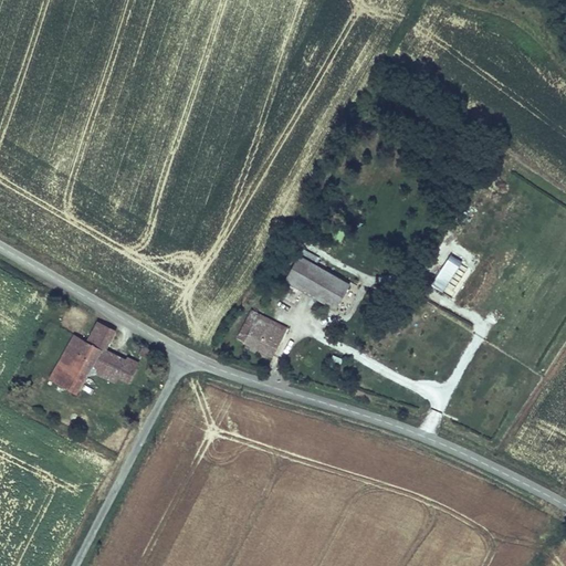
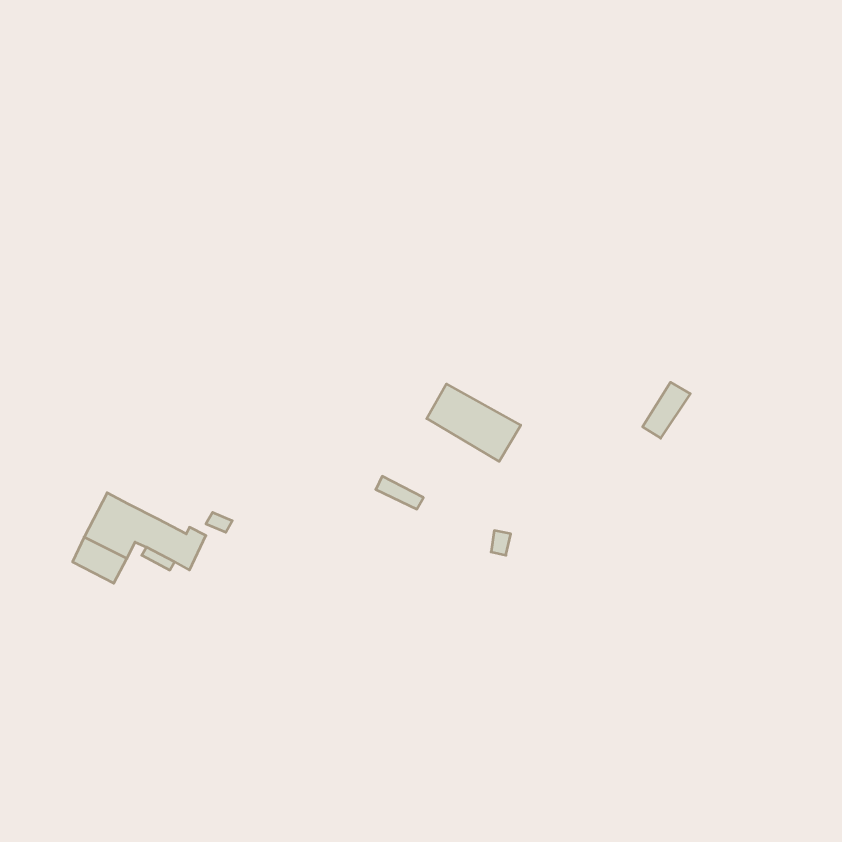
building: [86,318,116,348] -> none
building: [238,324,280,356] -> none

